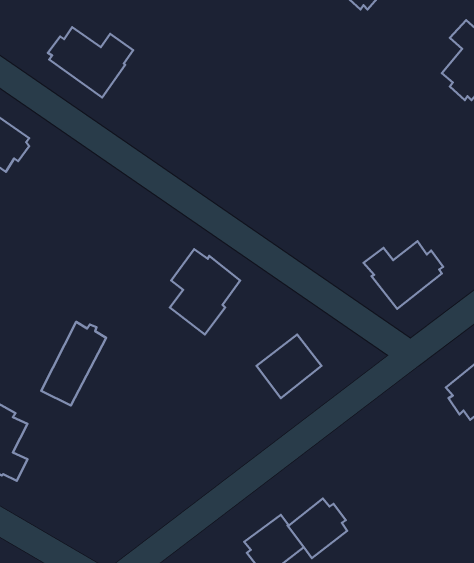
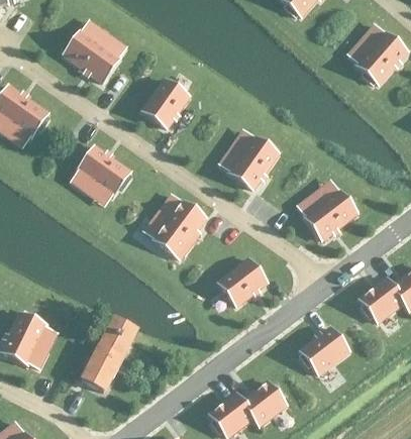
building: none -> [142,79,189,127]
building: none -> [220,135,279,189]
building: none -> [72,145,131,195]
building: [41,322,106,406] -> [82,328,130,391]
building: none -> [300,326,349,373]

